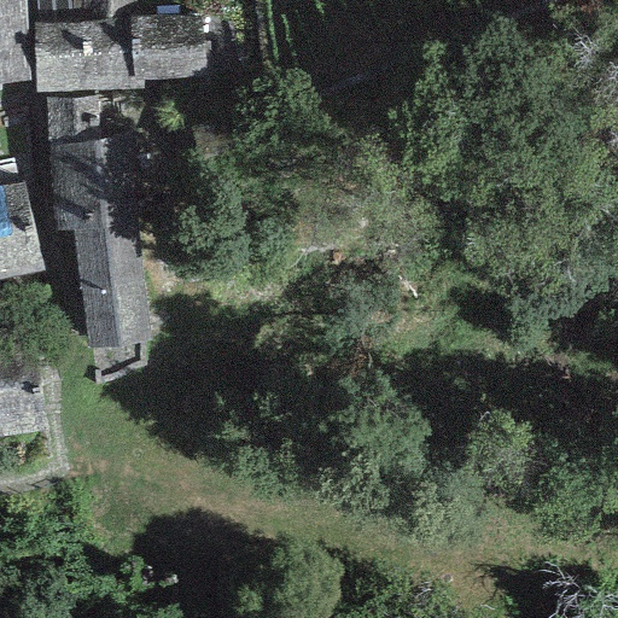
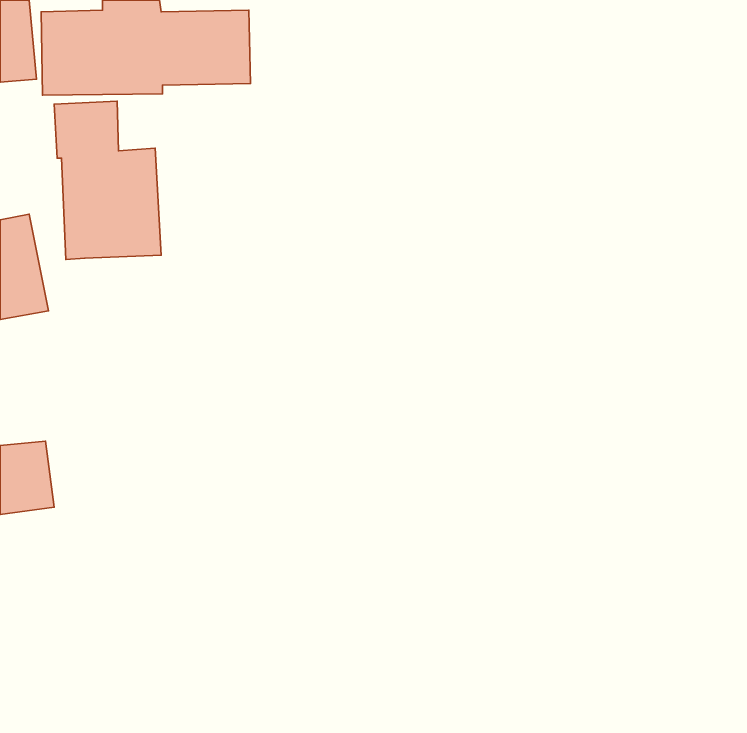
building: [71,223,152,343] -> none

